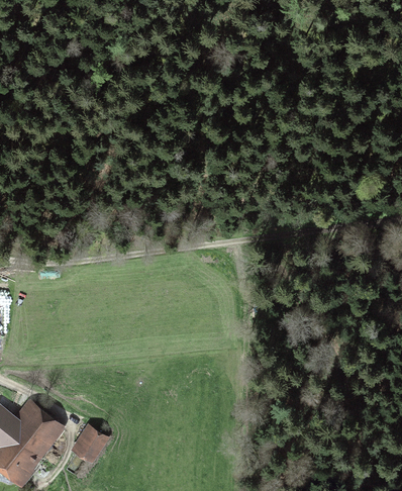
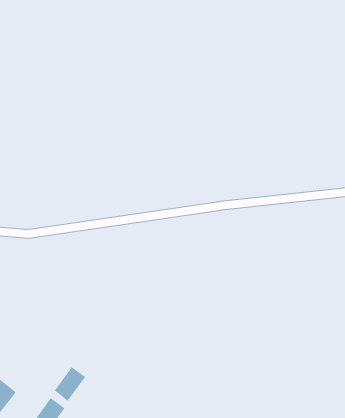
building: none -> [54,366,86,402]

